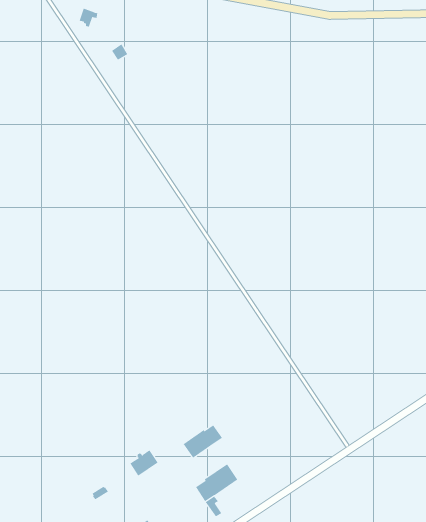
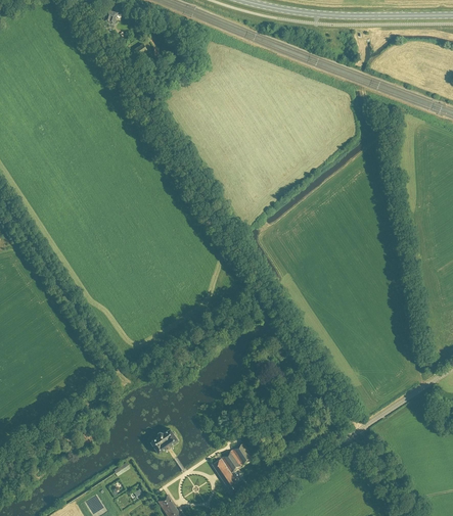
building: [183,425,223,458] -> none

